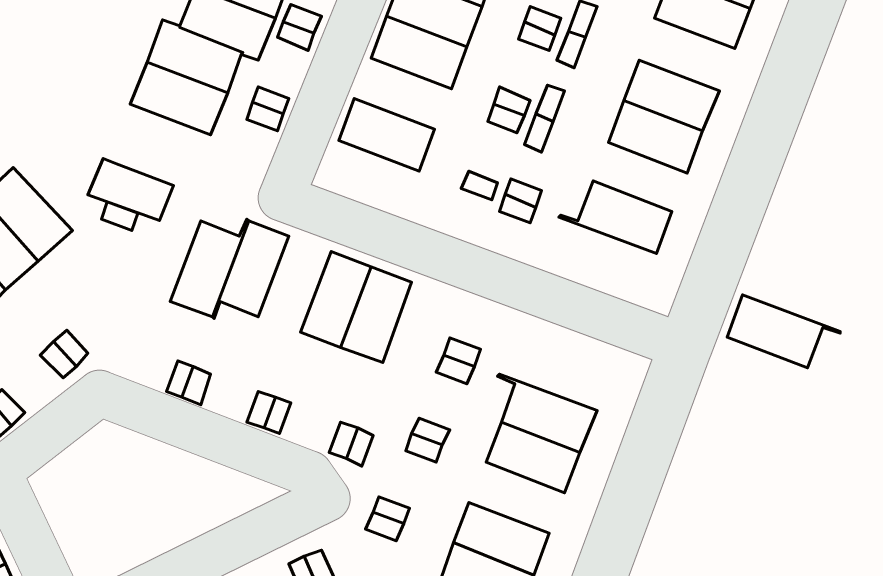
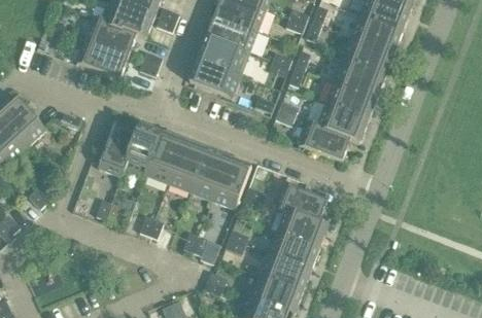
building: none -> [350,15,402,55]
building: none -> [197,37,249,75]
building: none -> [325,82,376,119]
building: [88,159,174,221] -> none
building: none -> [145,133,184,184]
building: none -> [212,157,251,209]
building: [727,295,840,368] -> [299,122,359,162]
building: none -> [275,184,328,226]
building: none -> [259,254,310,292]

